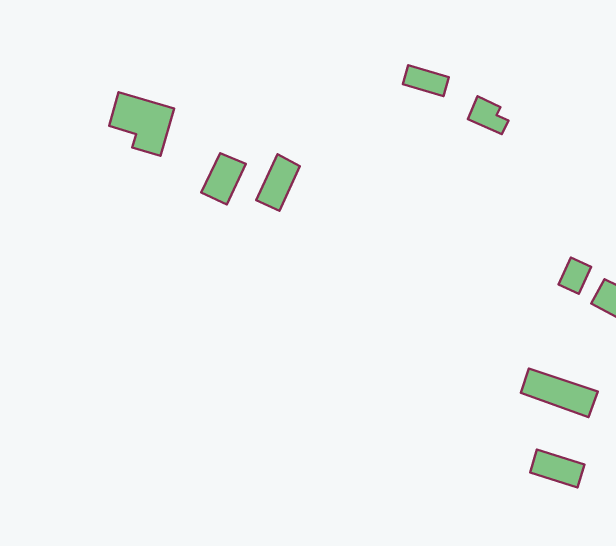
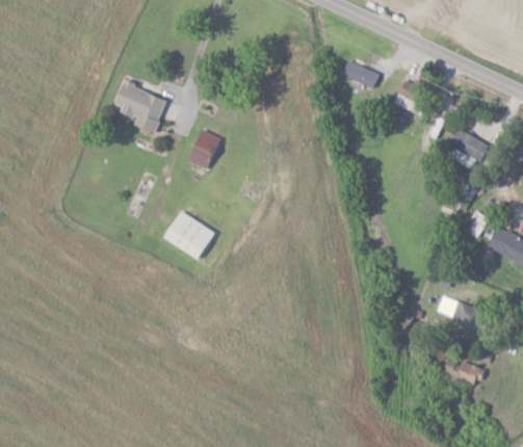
building: none -> [445,128,489,160]
building: [256,154,300,211] -> none
building: none -> [165,213,215,257]

